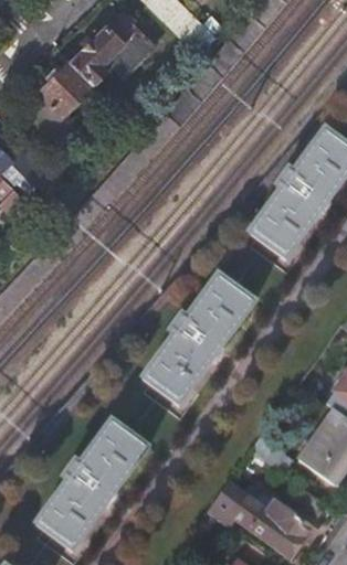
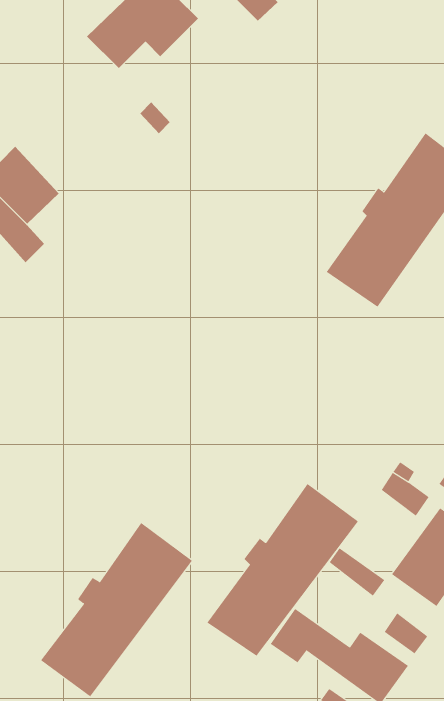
building: [32,60,94,127] -> none
building: [141,277,255,406] -> [206,483,359,656]

